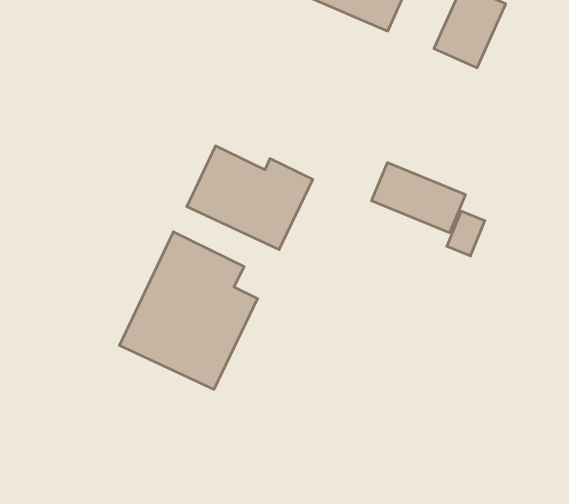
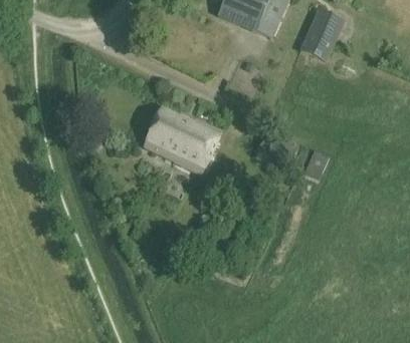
building: [372,163,465,233] -> none
building: [119,232,258,389] -> none

